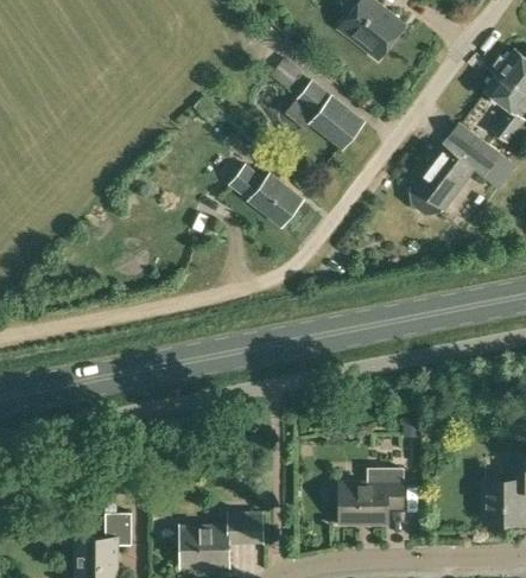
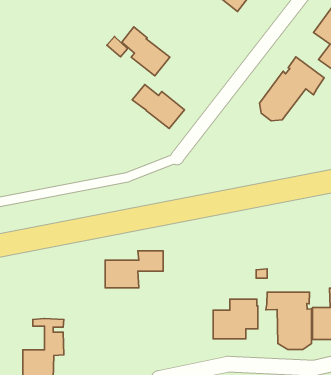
building: [297,81,365,150] -> [122,27,170,76]
building: none -> [266,292,312,350]
building: [183,515,265,567] -> [105,251,163,288]

